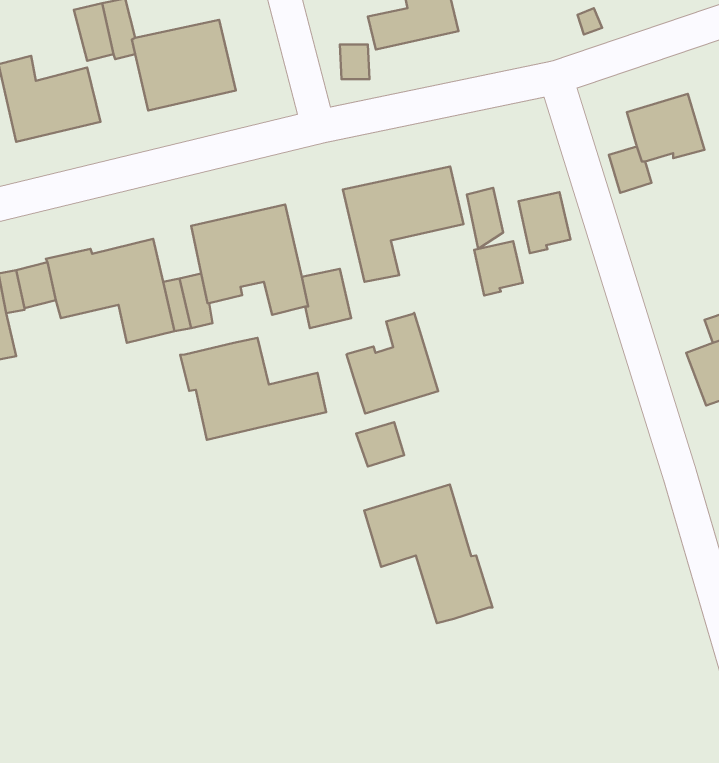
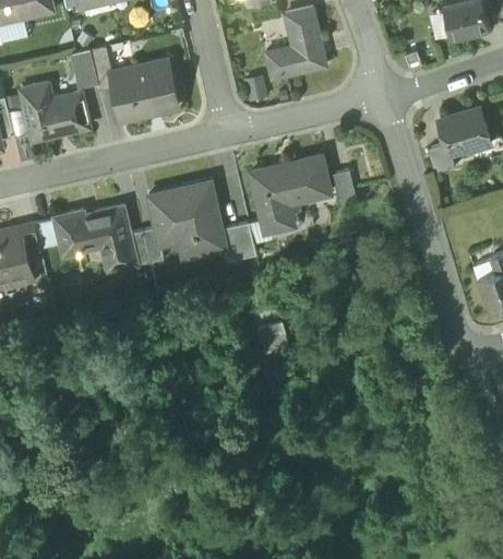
building: [519,192,571,253] -> none
building: [474,241,523,295] -> none
building: [346,313,438,413] -> none
building: [180,338,326,440] -> none
building: [364,484,492,623] -> none

